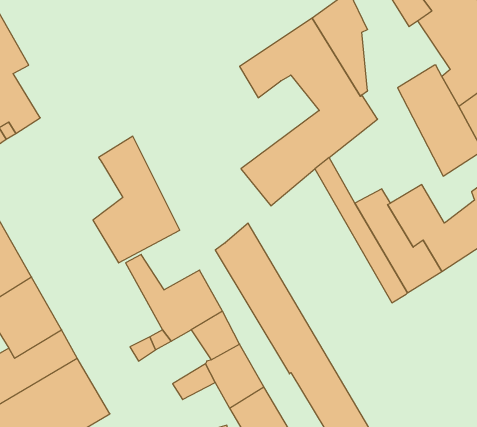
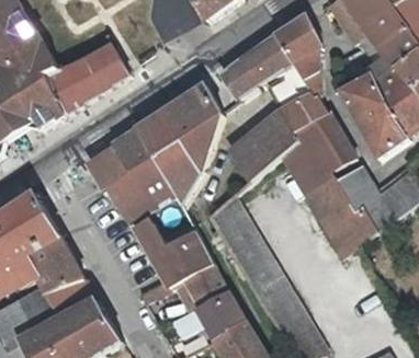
building: none -> [46,43,128,111]
building: none -> [138,81,222,197]
building: none -> [290,109,355,176]
building: none -> [86,145,131,192]

